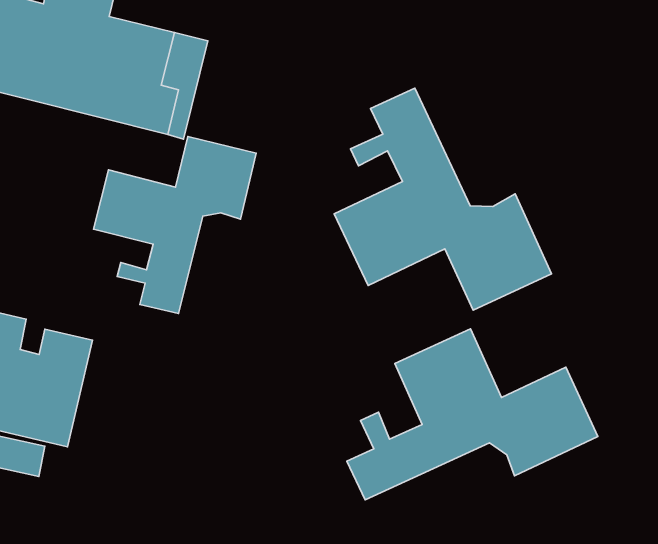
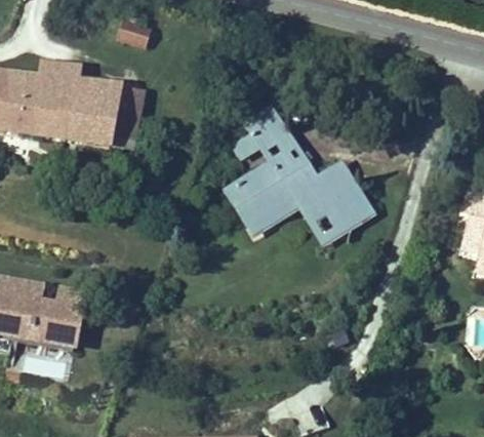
building: [94,136,256,314] -> none
building: [347,329,598,500] -> none

